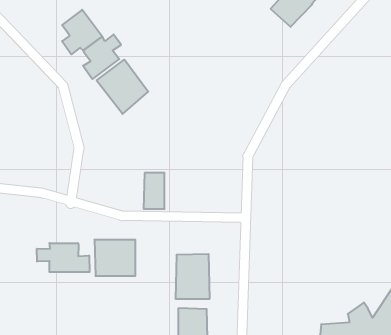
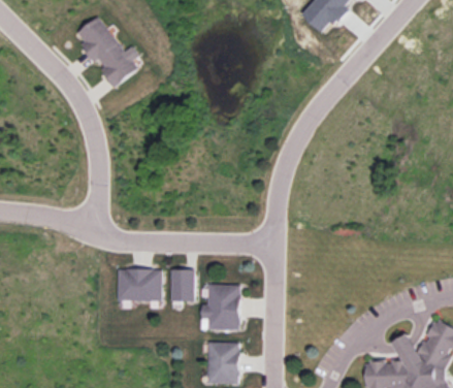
building: [97,60,148,114] -> none
building: [144,173,165,209] -> [169,264,192,303]
building: [37,243,90,272] -> none

